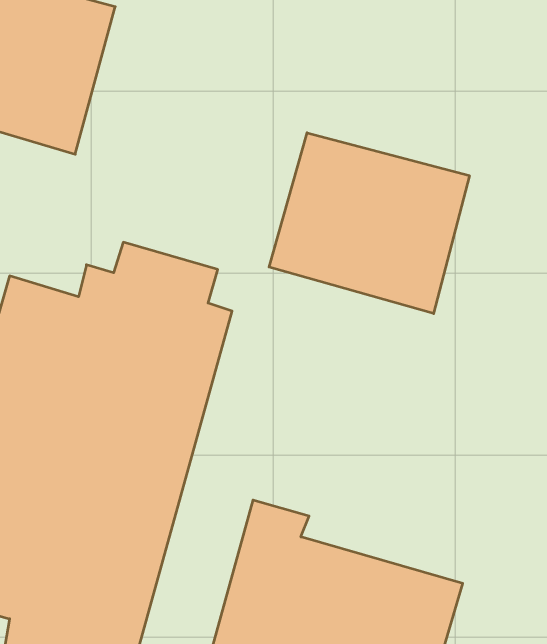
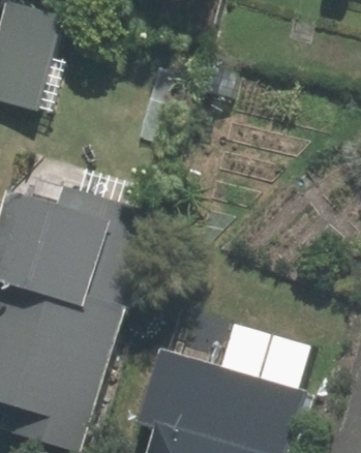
building: [269,133,469,314] -> none

